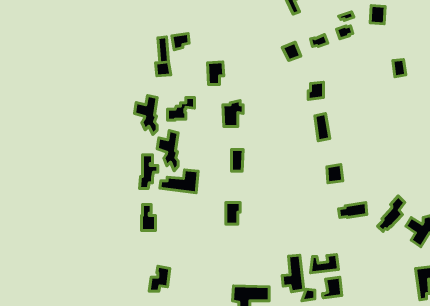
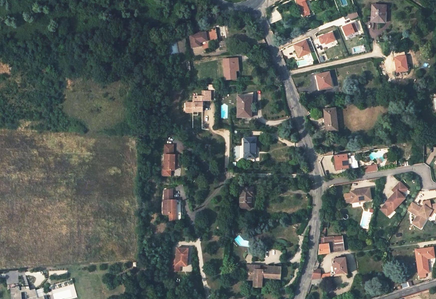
building: [135,95,157,135] -> none
building: [157,130,178,171] -> none
building: [160,170,198,193] -> none
building: [282,255,304,292] -> none

